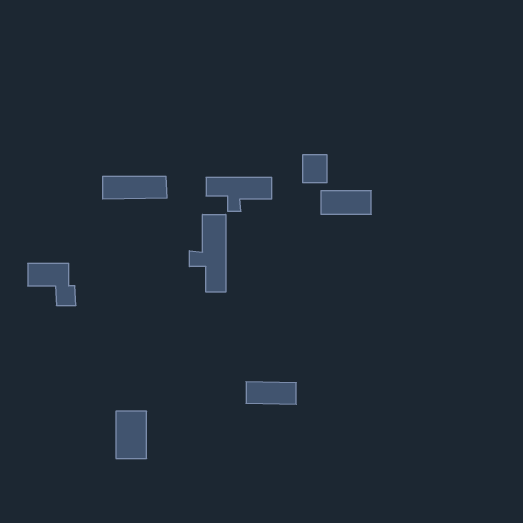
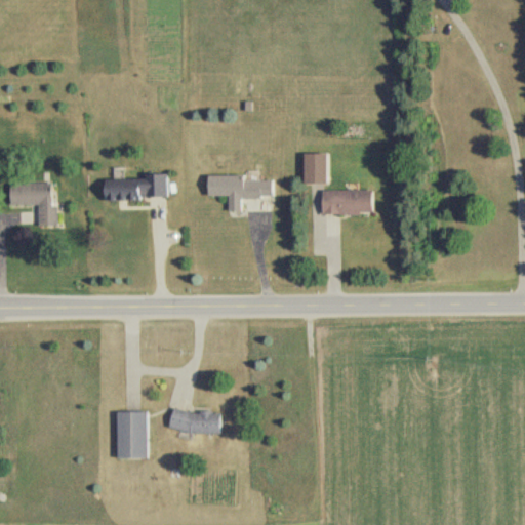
building: [189,214,226,292] -> none
building: [28,263,76,305] -> [9,184,57,226]
building: [246,382,296,404] -> [169,411,219,434]

